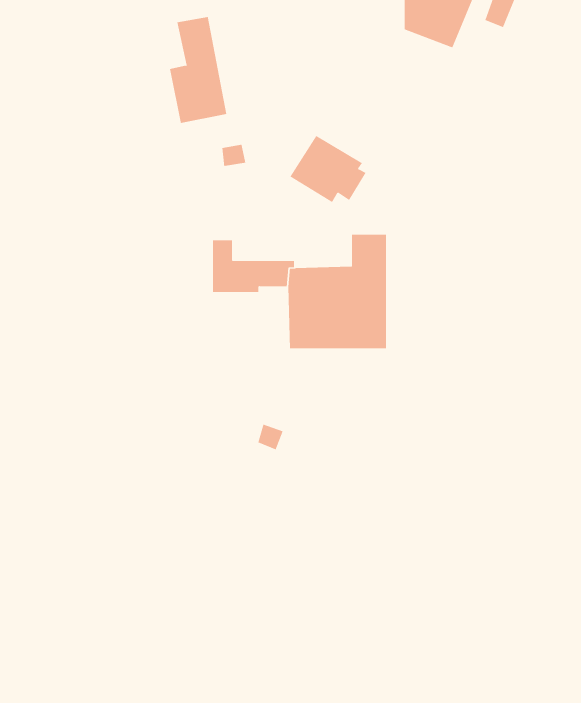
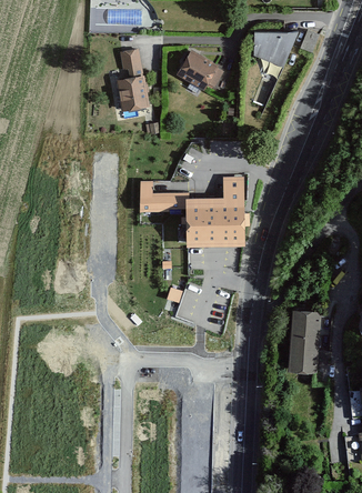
building: [289,135,366,203] -> [175,49,221,89]
building: none -> [288,312,322,375]

